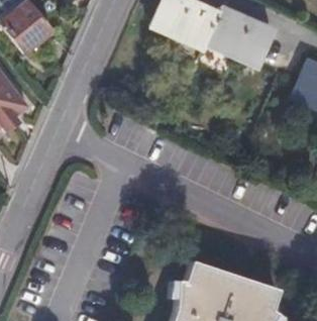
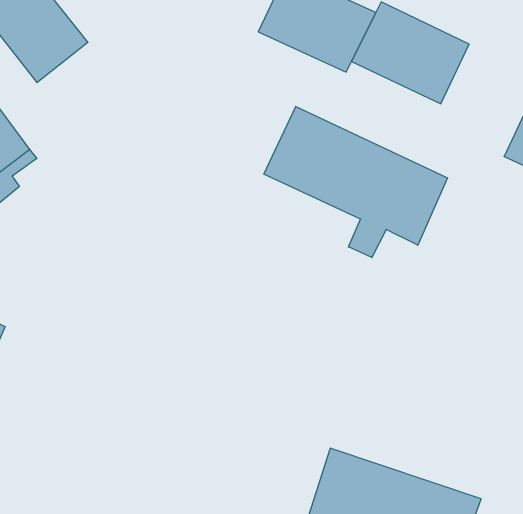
building: none -> [264,106,448,258]

